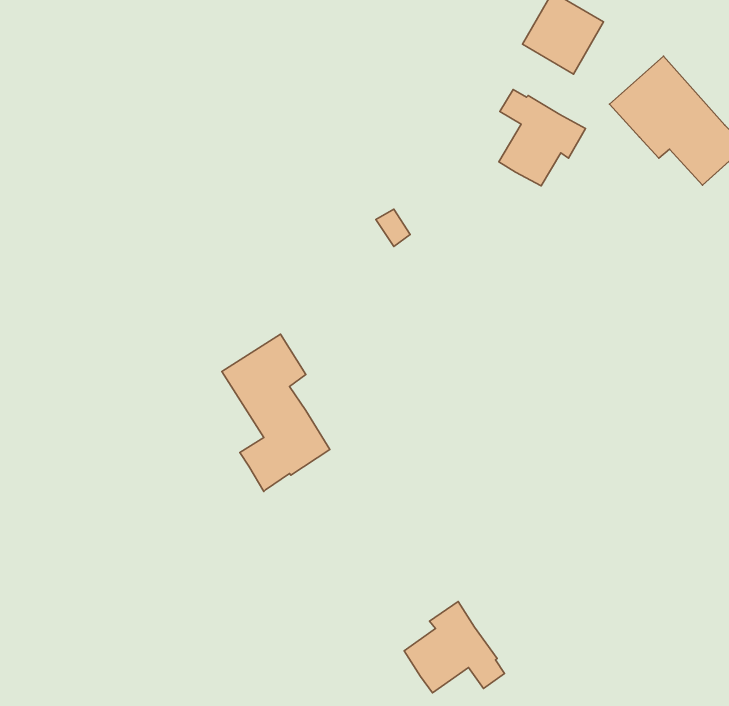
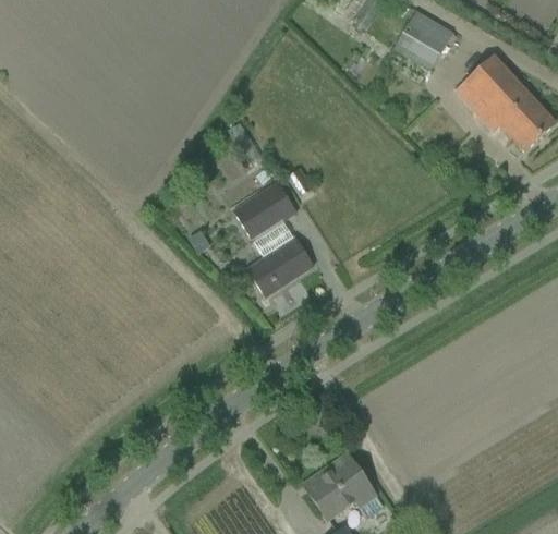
building: [499,90,586,186] -> none
building: [222,334,330,491] -> [234,182,313,296]

